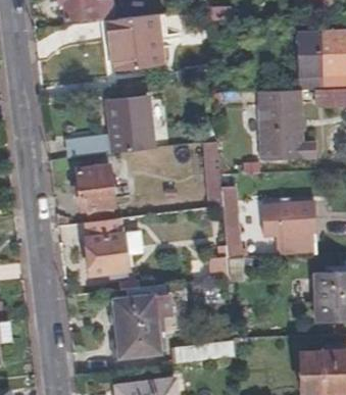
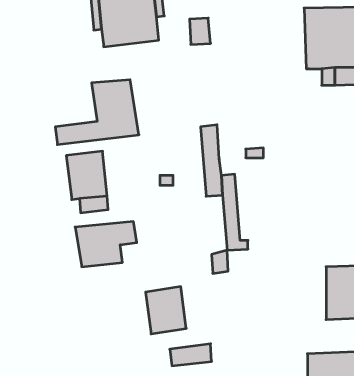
building: [259,85,315,153] -> none
building: [262,196,315,251] -> none
building: [112,292,158,354] -> none

